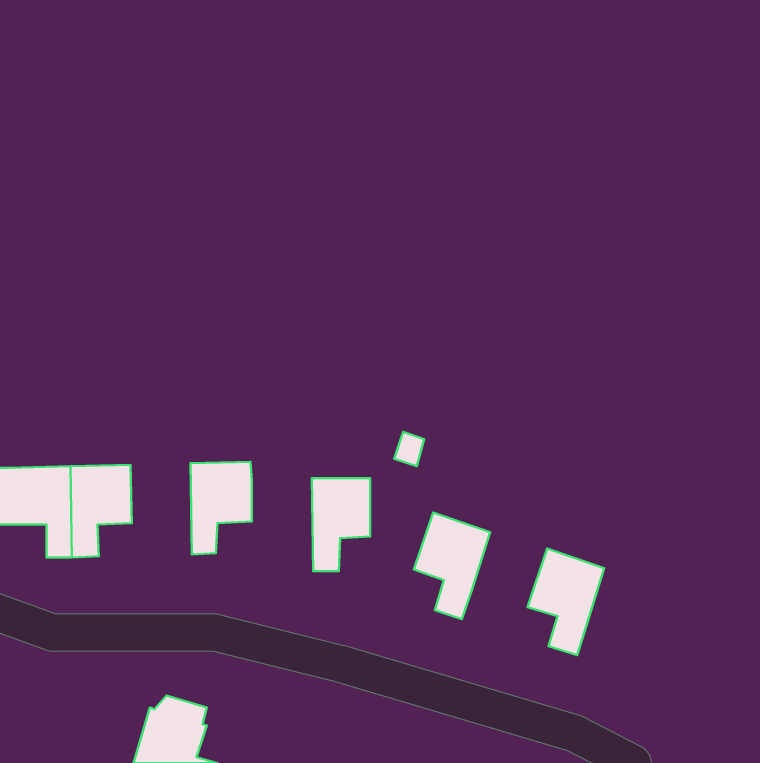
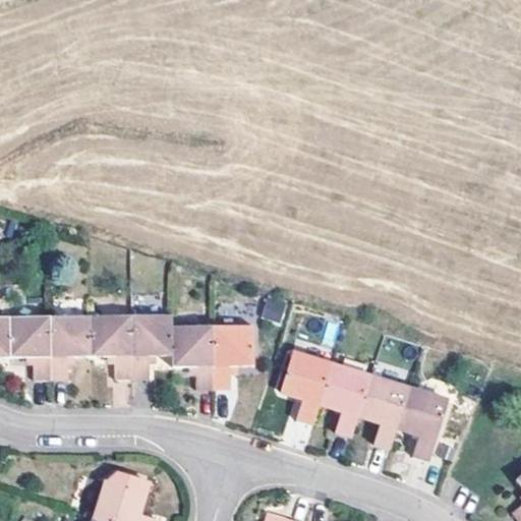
building: none -> [89,314,130,377]
building: none -> [171,325,213,388]
building: none -> [321,361,371,431]
building: none -> [398,386,450,457]

